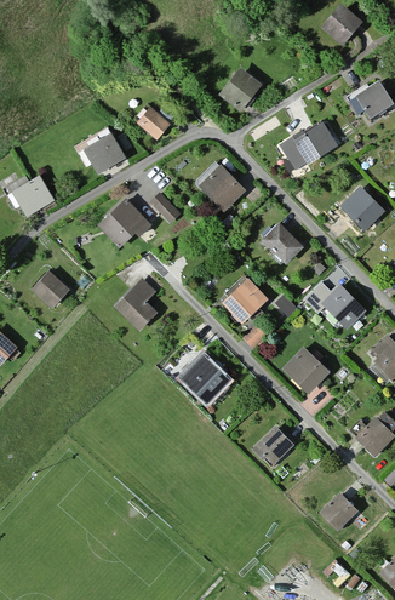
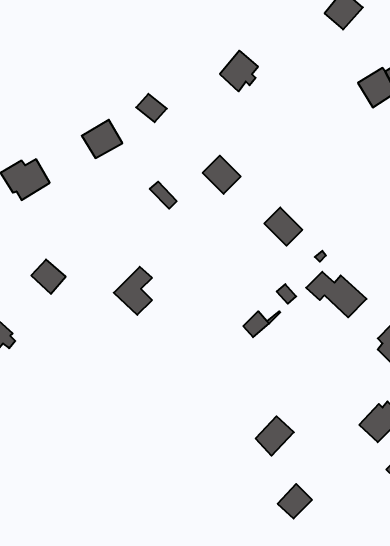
building: [284,120,336,167] -> none
building: [343,187,383,227] -> none
building: [99,200,149,246] -> none
building: [224,278,265,319] -> none
building: [285,349,327,392] -> none
building: [183,354,228,399] -> none
building: [322,492,356,526] -> [278,484,312,519]

